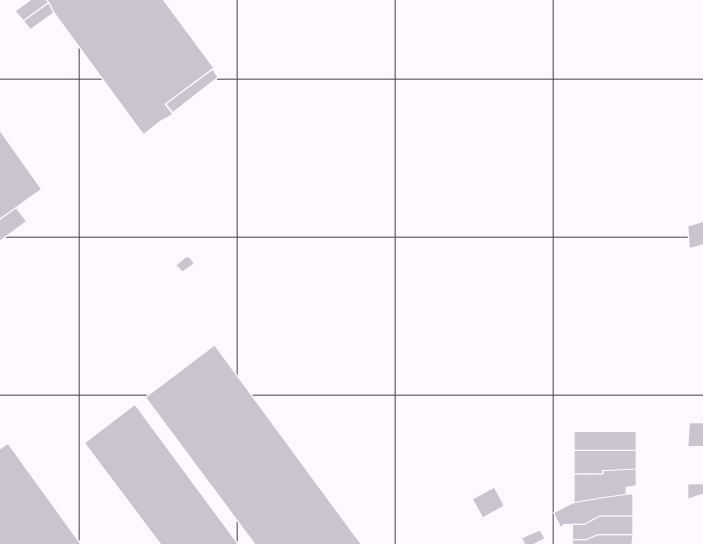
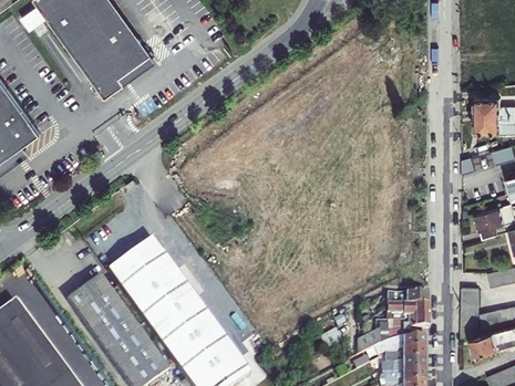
building: none -> [357,323,387,354]

